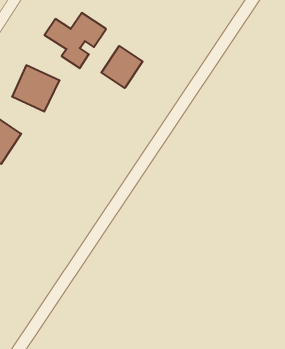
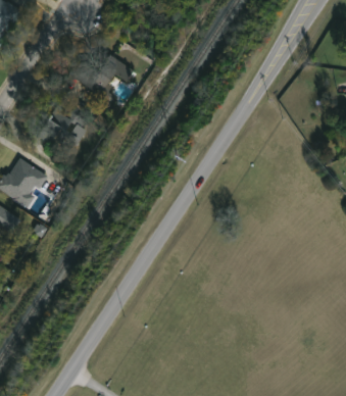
building: [101,46,143,88] -> none

